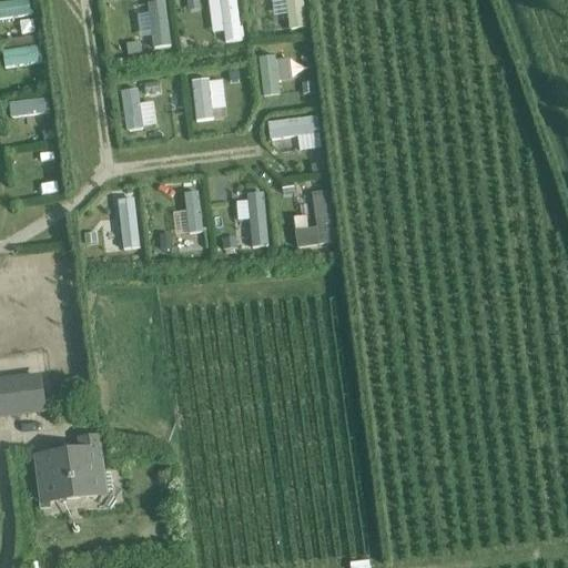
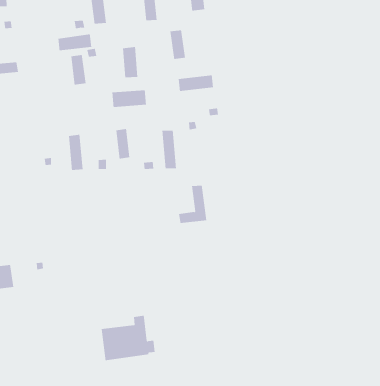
building: none -> [58,34,92,51]
building: none -> [112,89,146,108]
building: [293,190,333,243] -> [178,185,207,224]
building: [36,437,111,500] -> [101,315,156,361]

